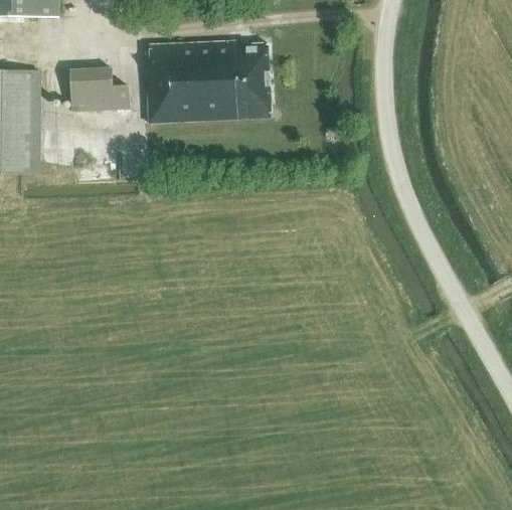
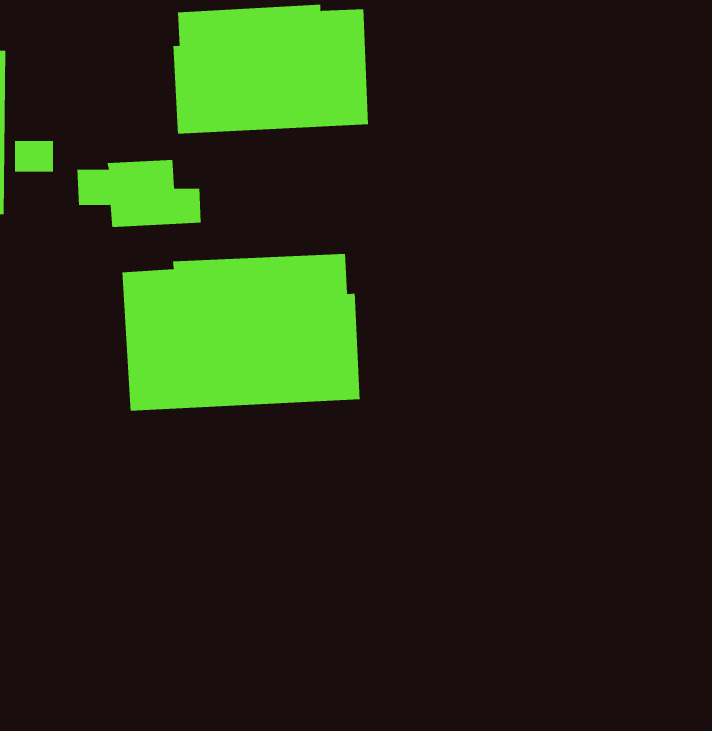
building: [49,68,129,112] -> [77,160,202,228]
building: none -> [122,253,360,411]

